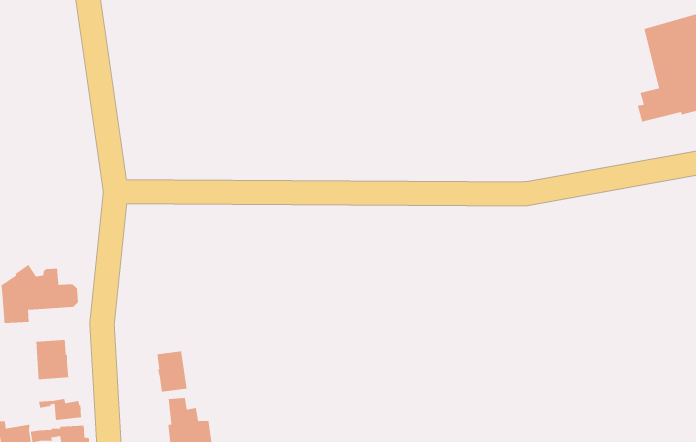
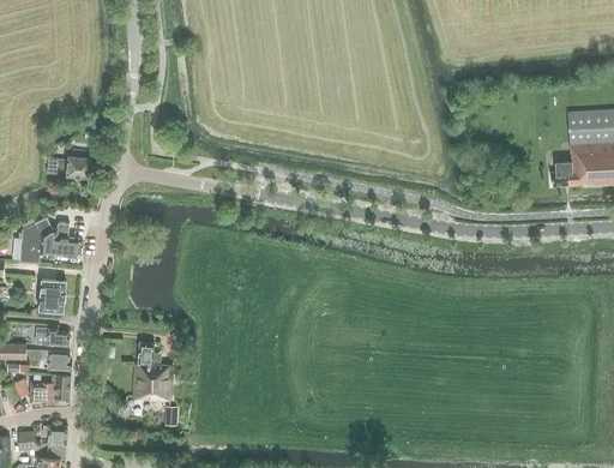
building: none -> [47,156,91,178]
building: [157,350,187,392] -> none

